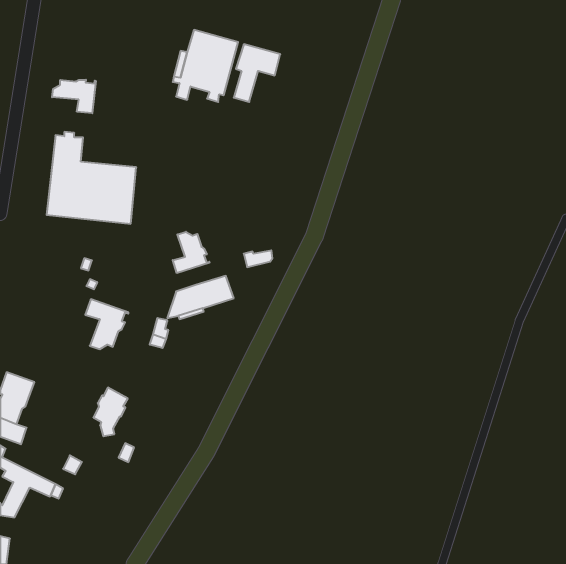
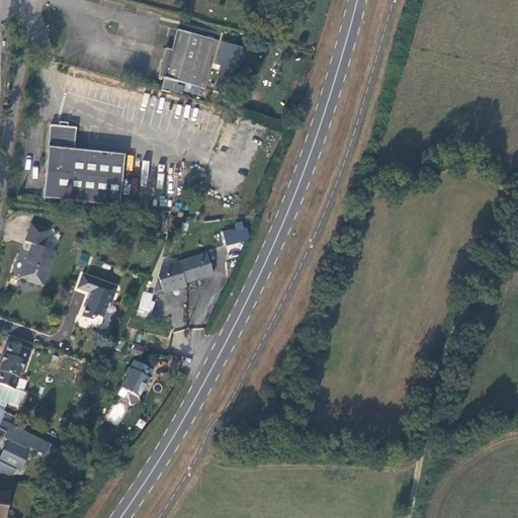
building: [52,80,96,113] -> none
building: [173,232,209,273] -> none
building: none -> [19,222,56,284]
building: [93,388,128,436] -> [121,358,153,403]

